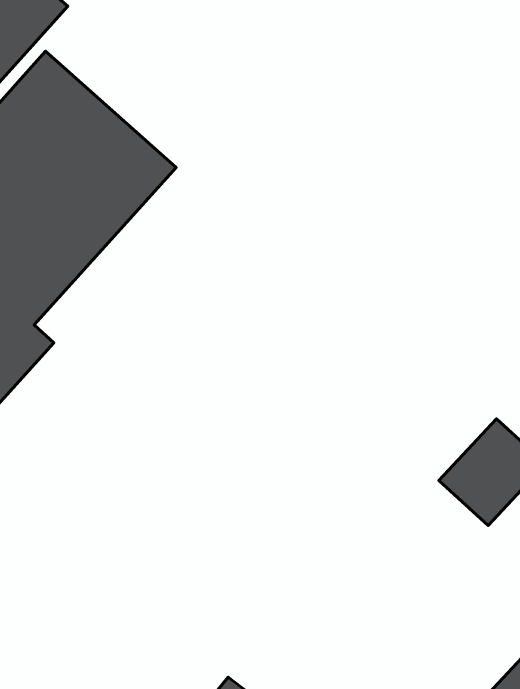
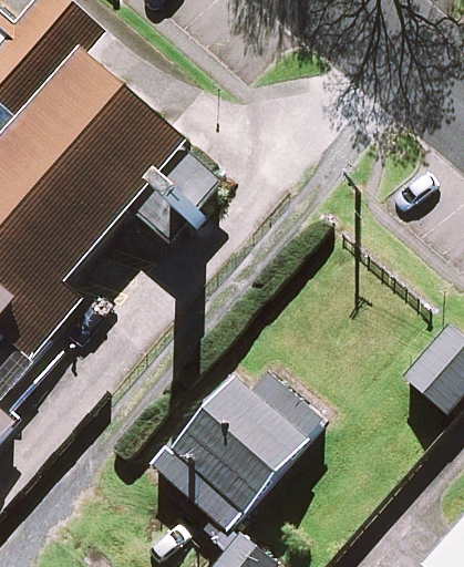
building: none -> [148,378,313,537]

